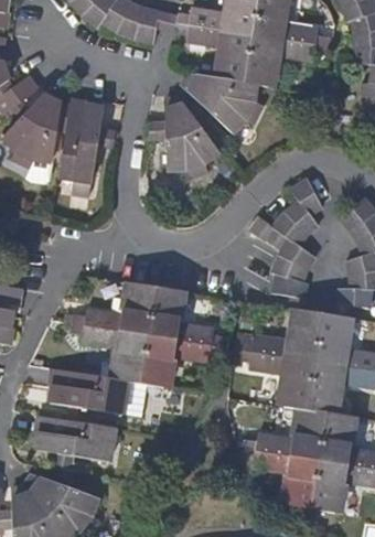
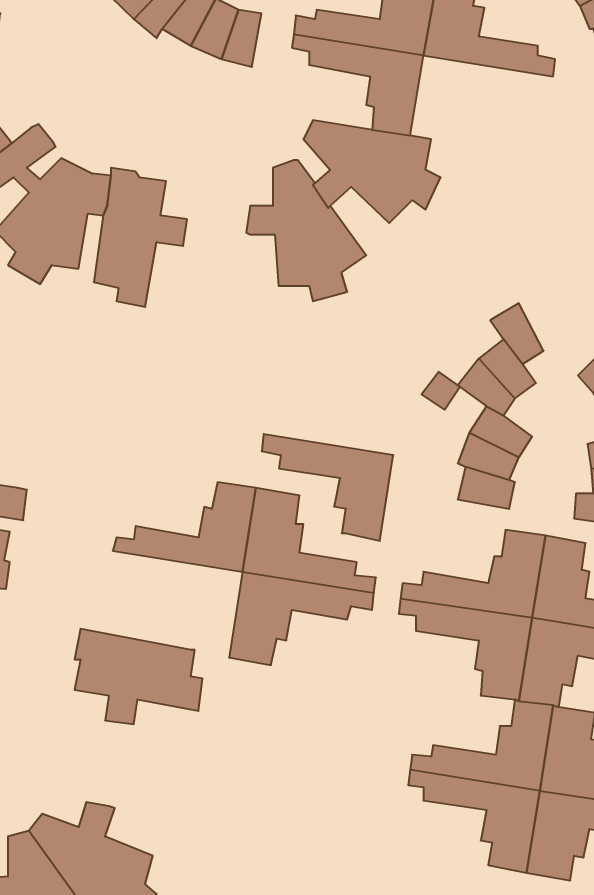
building: [244,35,326,86] -> none
building: [71,322,147,384] -> [262,434,393,541]
building: [35,416,111,470] -> none

